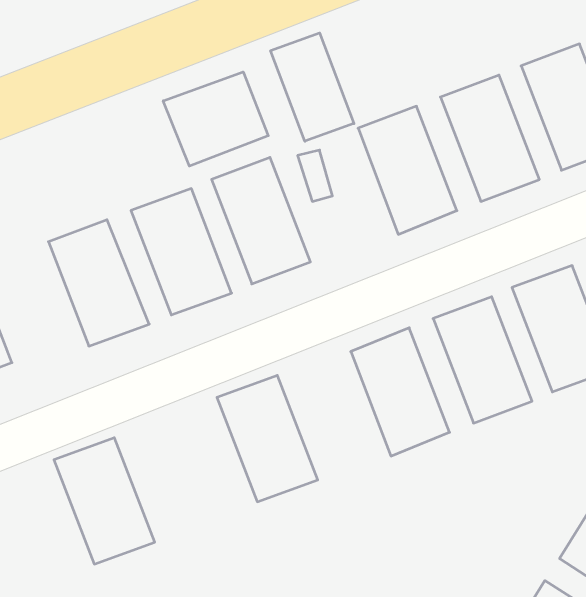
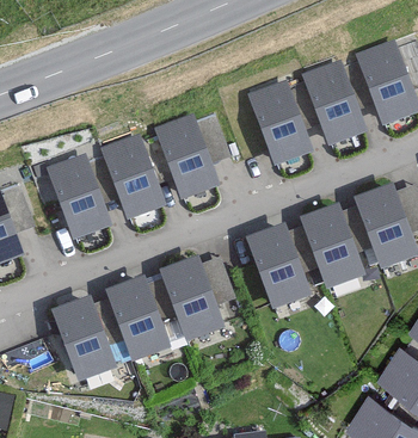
building: [271,33,354,141] -> none
building: [163,72,268,166] -> none
building: none -> [105,277,171,360]

